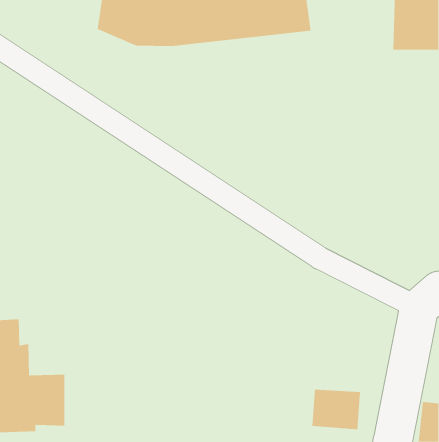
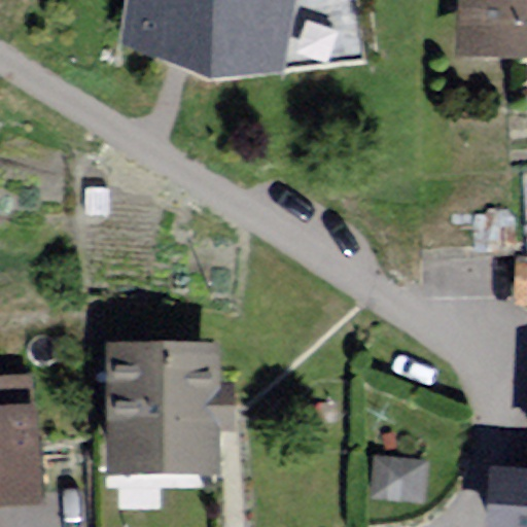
building: none -> [108,342,220,477]

